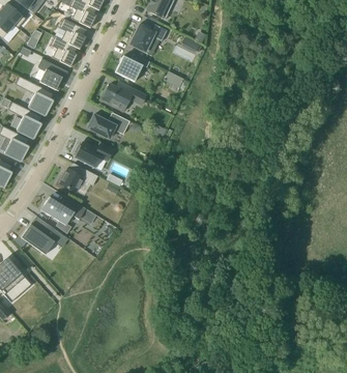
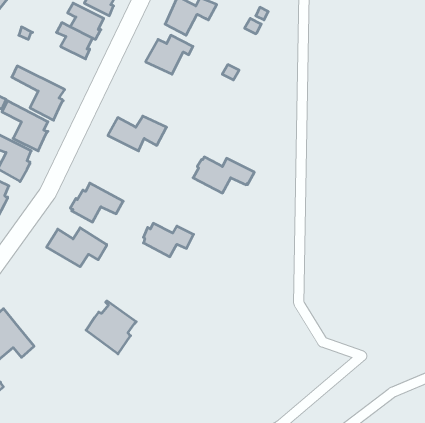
building: [36,58,65,91] -> none
building: [100,84,146,111] -> [193,157,254,193]
building: [75,142,112,167] -> [143,223,194,257]
building: [21,216,58,255] -> [86,301,136,354]

